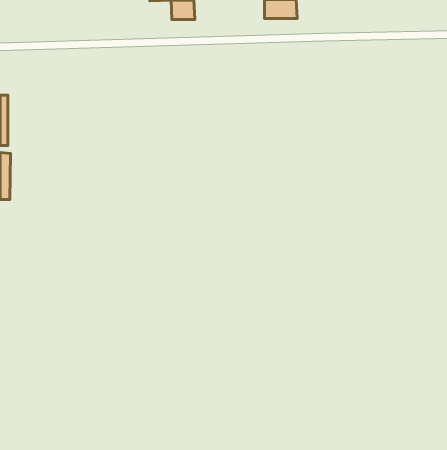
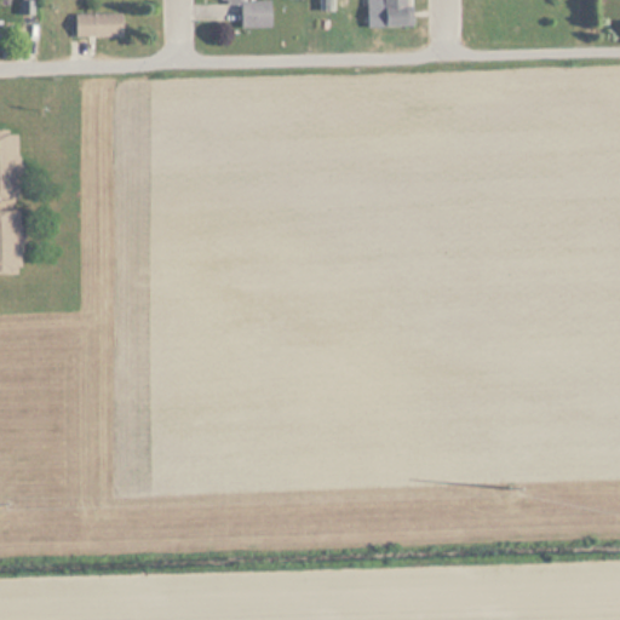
building: none -> [75,13,122,35]

